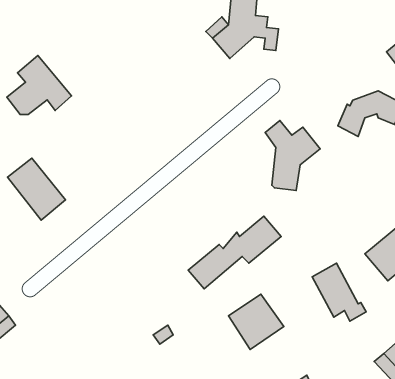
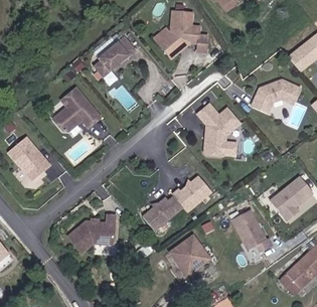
building: none -> [92,34,136,75]
building: [7,55,71,115] -> [51,86,100,130]
building: none -> [68,214,114,253]

